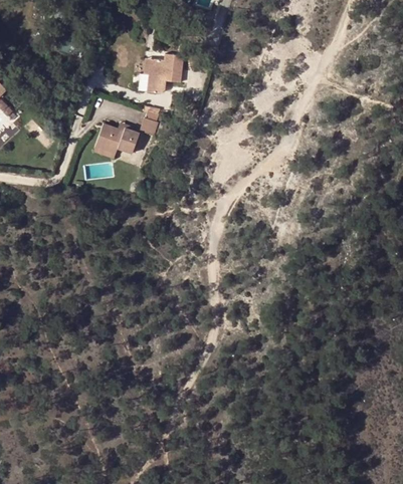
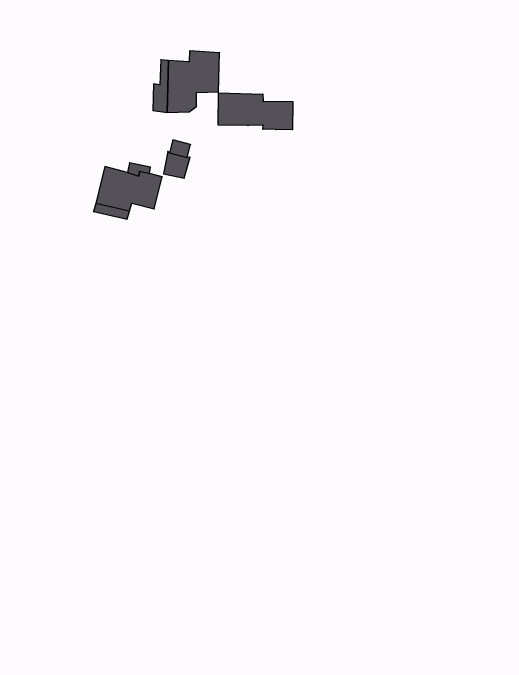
building: none -> [218,93,293,130]

